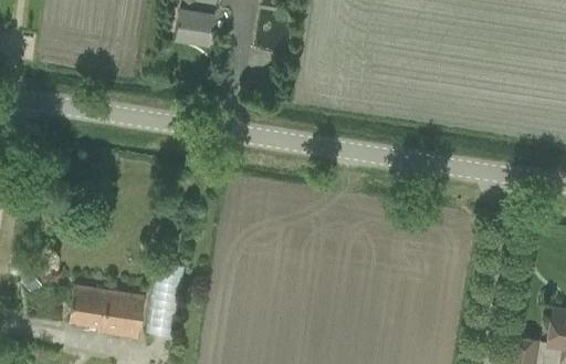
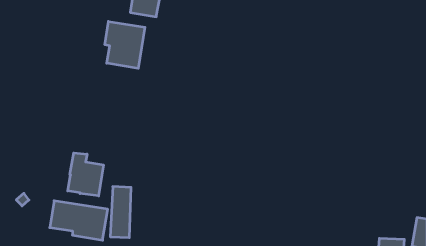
building: none -> [105,21,145,68]
building: none -> [68,153,103,196]

